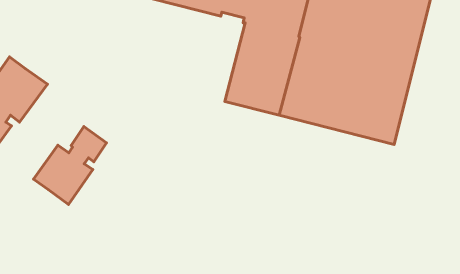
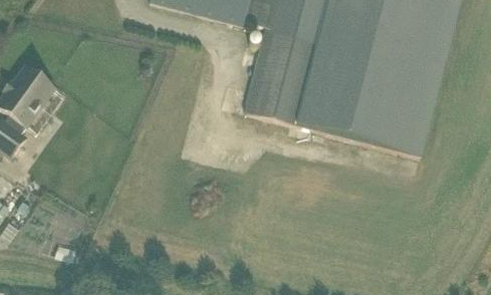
building: [33,127,107,204] -> none

